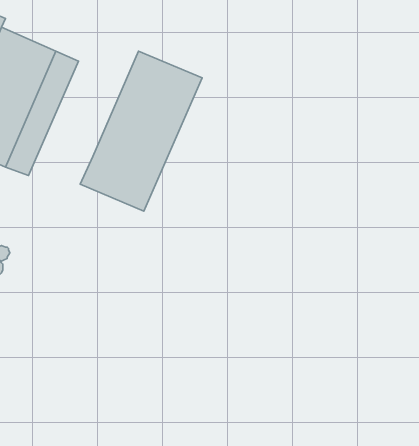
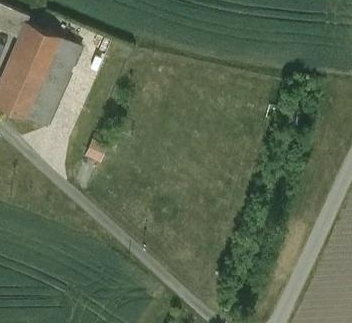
building: [80,51,202,211] -> none

